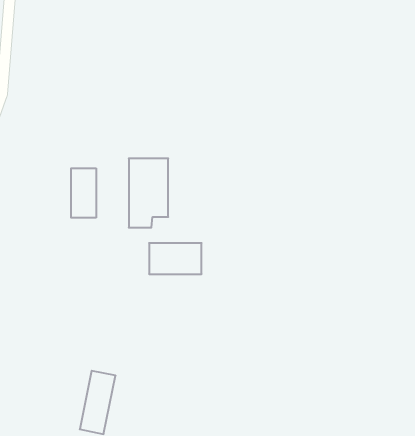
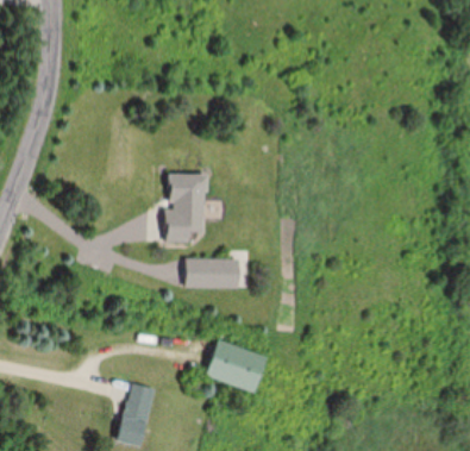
building: [71,168,96,218] -> none
building: none -> [205,340,267,393]

